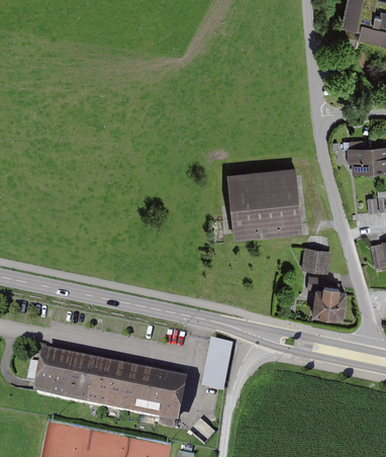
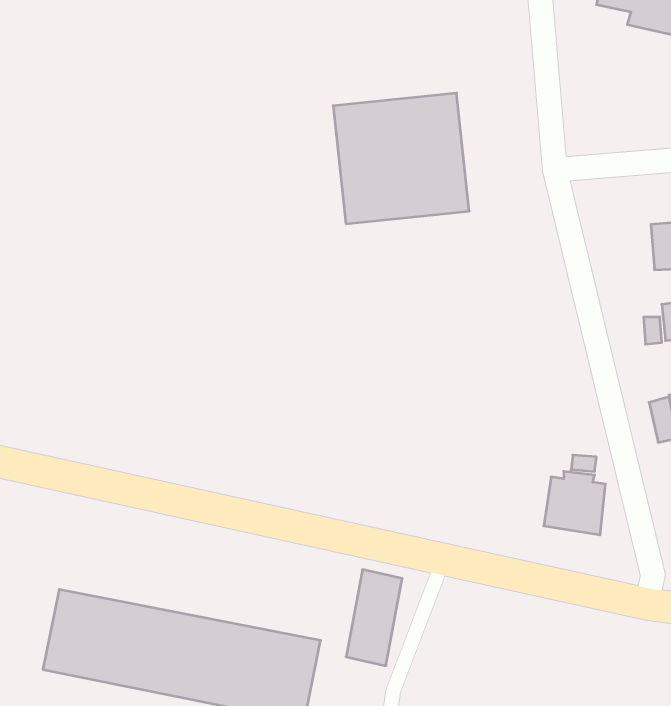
building: [348,148,374,174] -> none
building: [227,167,303,240] -> [333,93,469,224]
building: [302,248,331,274] -> none

